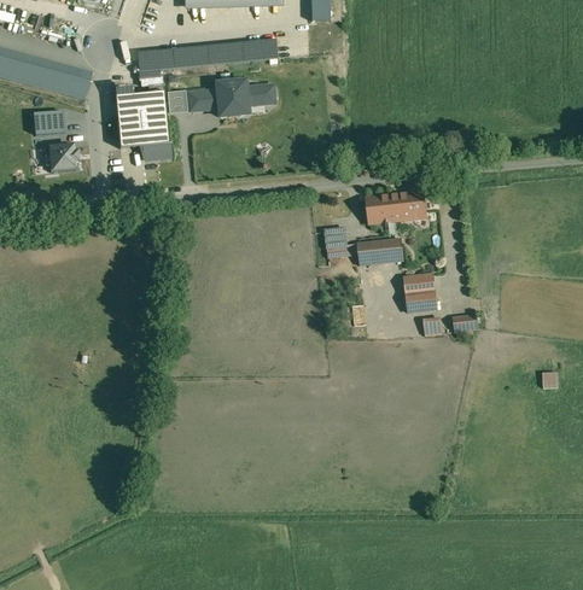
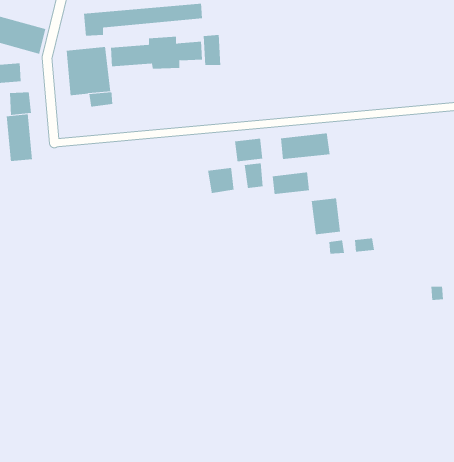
building: none -> [203,34,221,66]
building: none -> [6,114,33,162]
building: none -> [234,138,263,162]
building: none -> [208,167,234,194]

